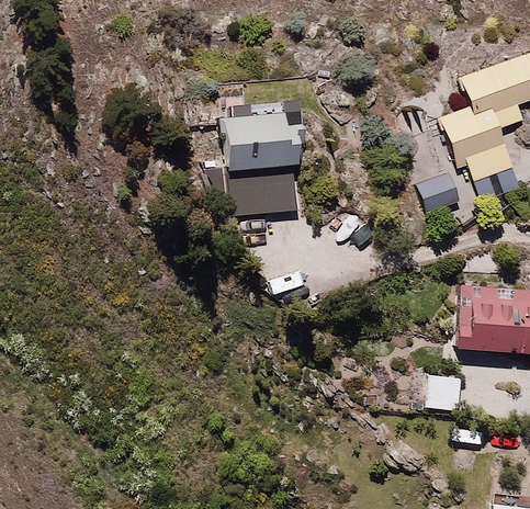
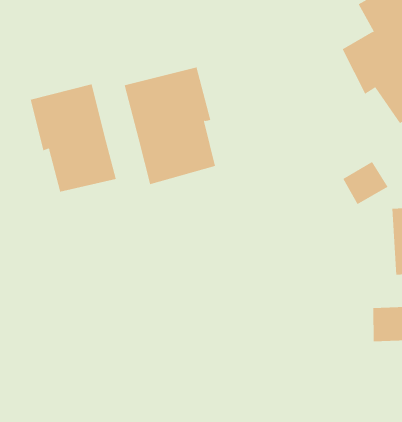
building: none -> [30,83,116,192]
building: [419,173,462,213] -> [342,161,388,205]

